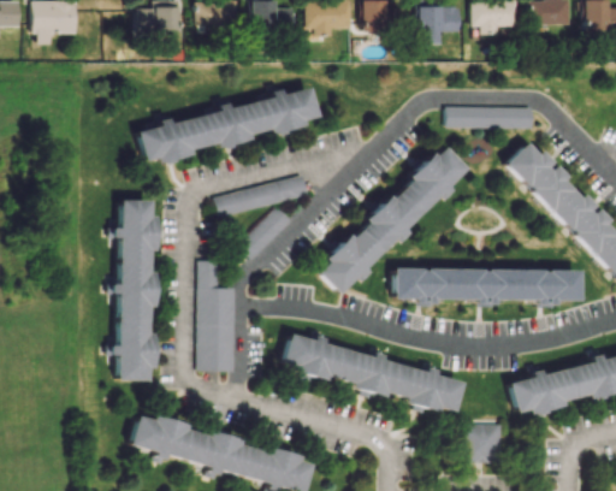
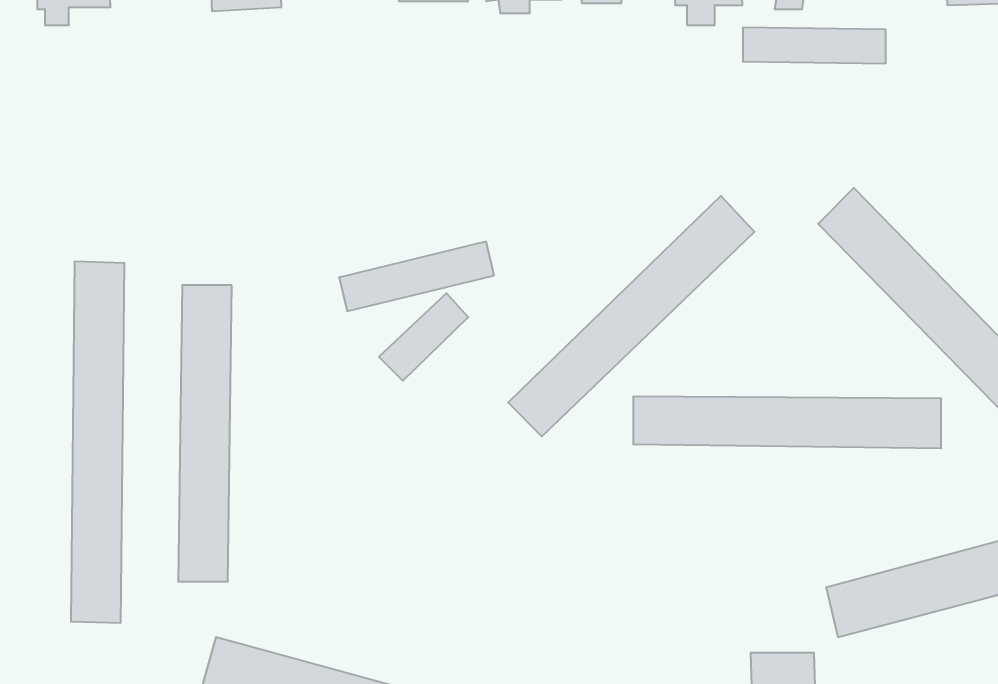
building: [138,88,319,160] -> none
building: [448,106,534,128] -> [743,28,886,63]
building: none -> [71,261,124,623]
building: [199,260,236,371] -> none
building: [284,335,462,412] -> none

